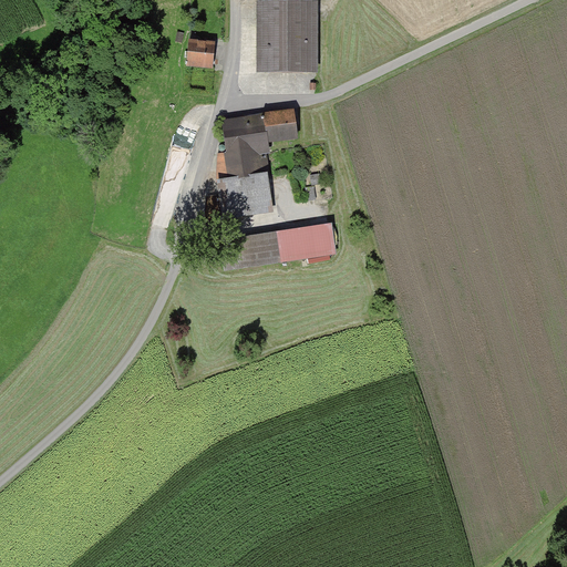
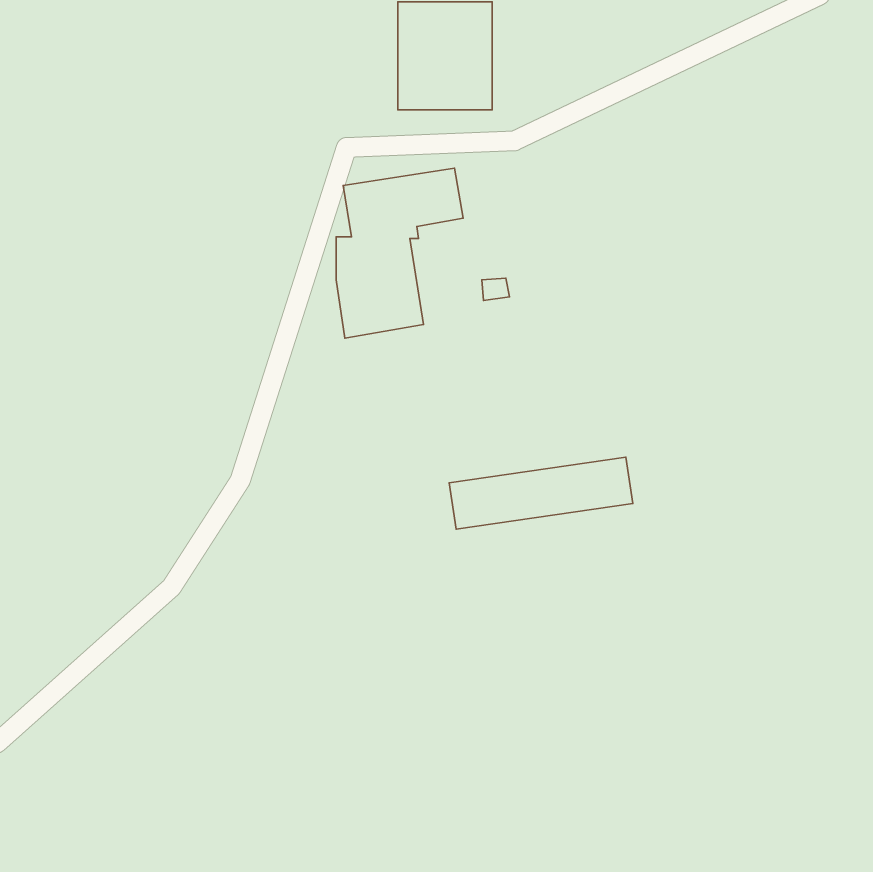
building: [187,35,214,65] -> none
building: [217,223,336,269] -> [449,457,633,529]

